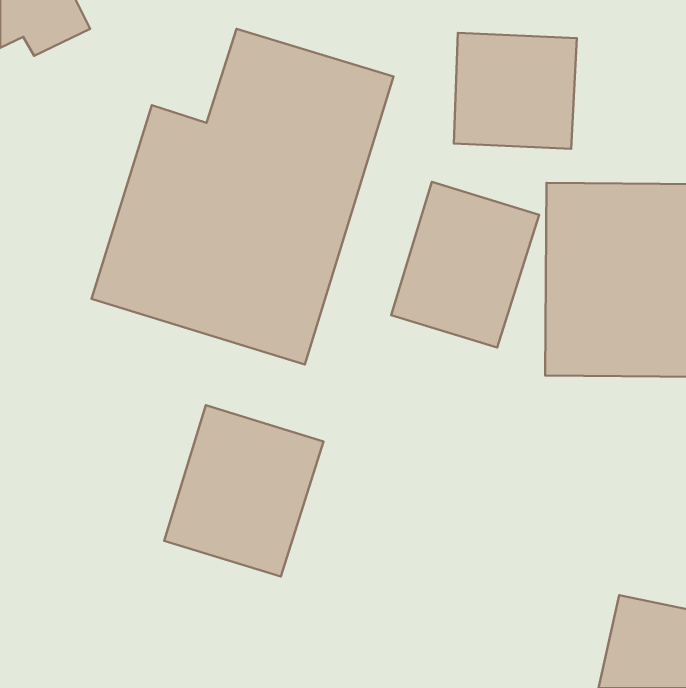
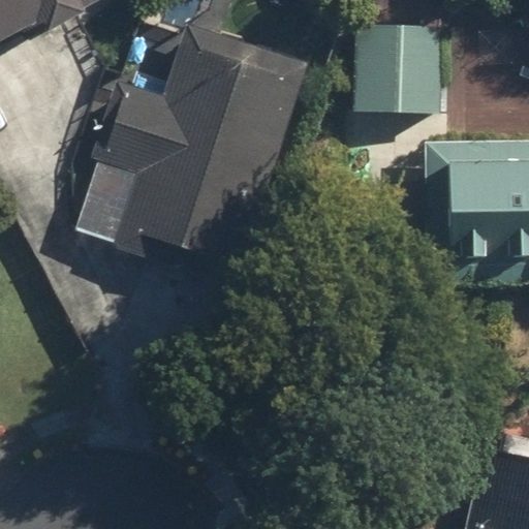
building: [391,182,539,348] -> none
building: [164,405,323,576] -> none

